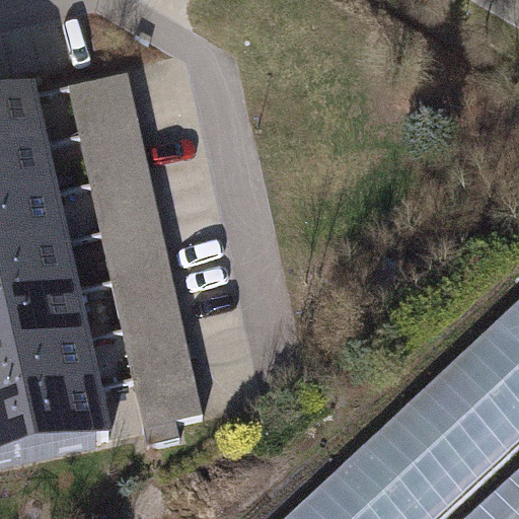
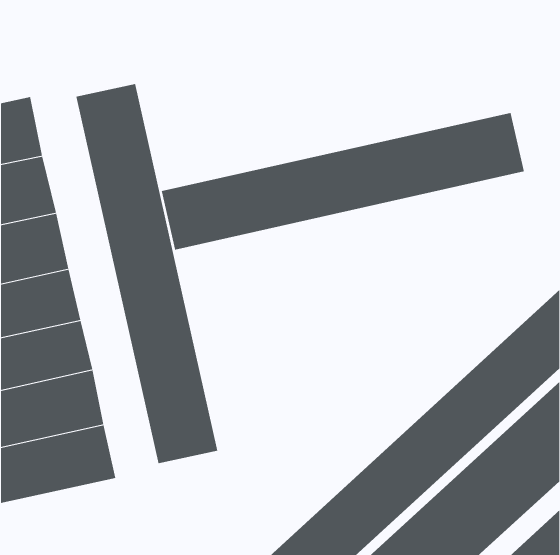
building: none -> [161,112,525,250]

